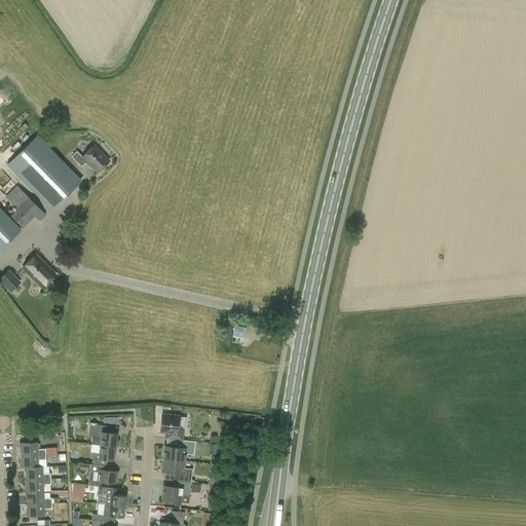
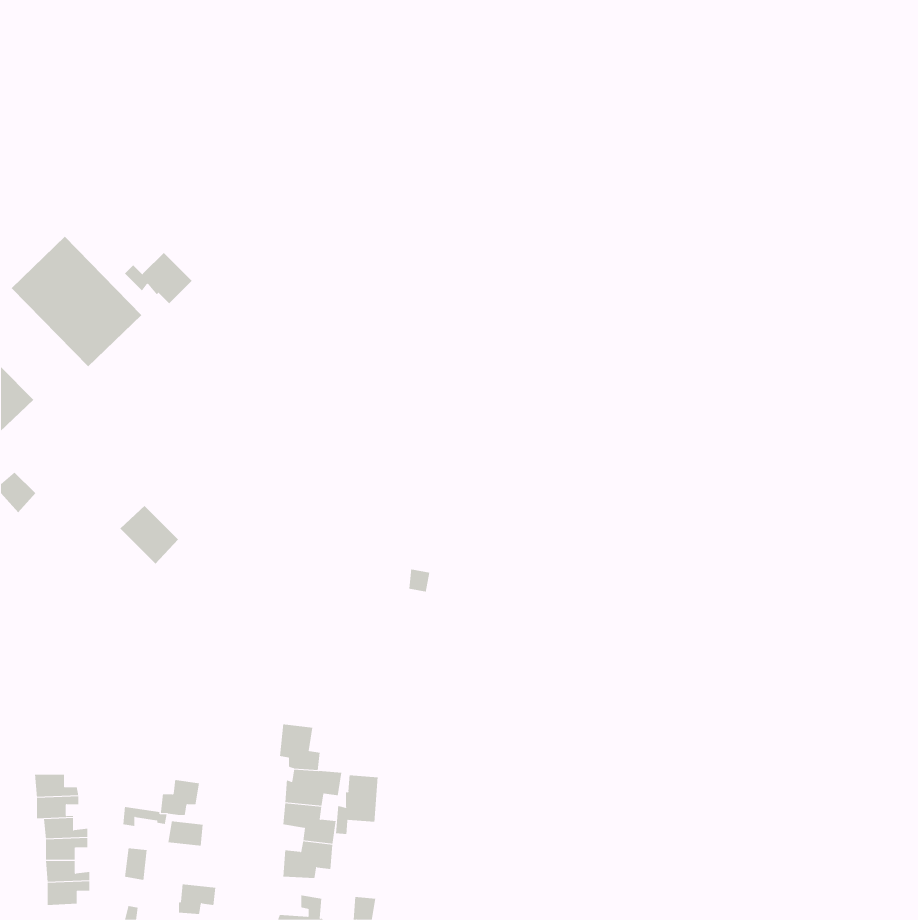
building: [5,185,46,228] -> none
building: [23,254,57,288] -> [119,505,179,565]
building: [88,423,119,447] -> none
building: none -> [336,775,378,835]
building: [98,486,126,506] -> none

